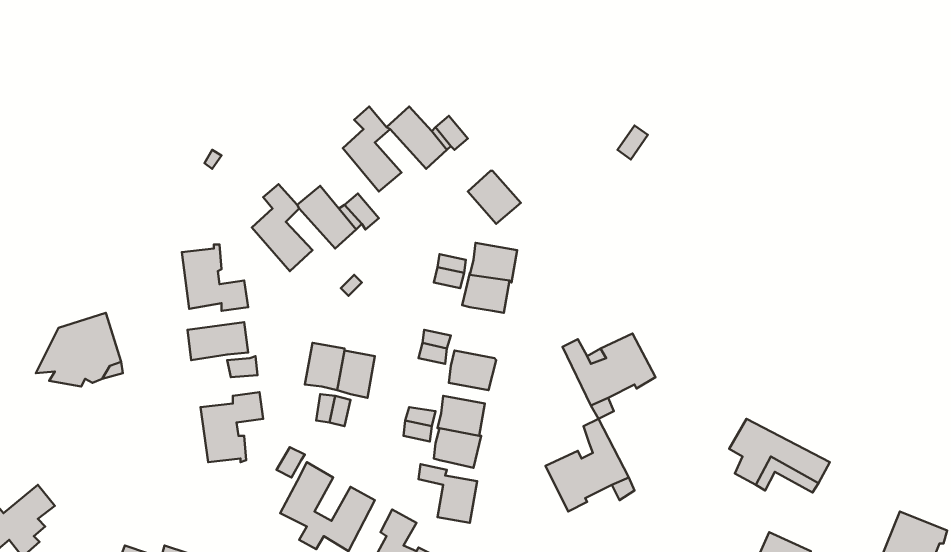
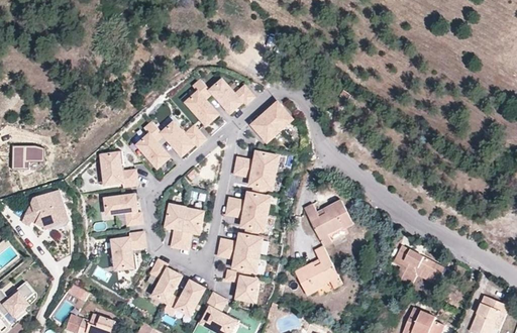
building: none -> [266,102,294,131]
building: none -> [9,144,41,169]
building: none -> [244,192,270,213]

